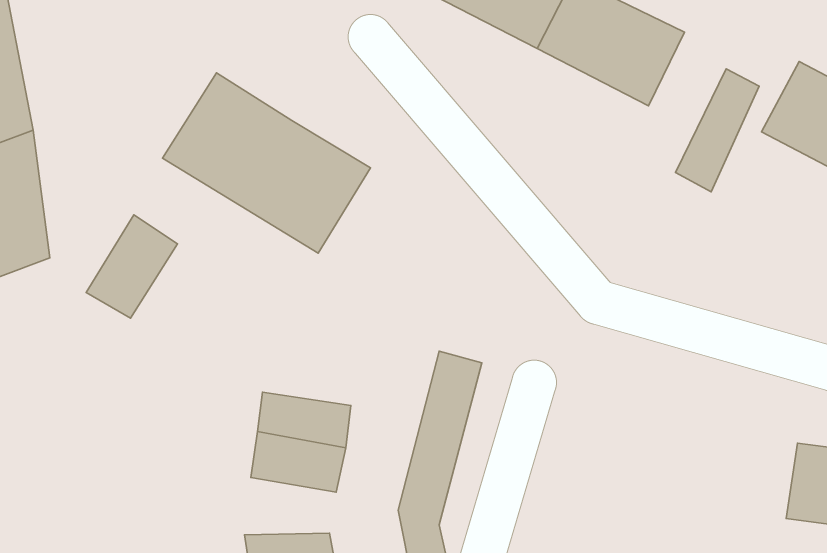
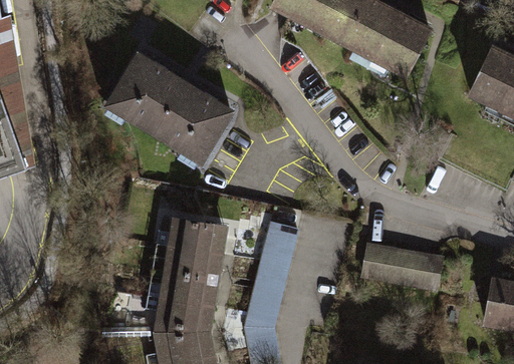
building: [675,69,759,192] -> none
building: [86,215,177,318] -> none
building: none -> [164,221,223,257]
building: none -> [362,244,443,291]
building: none -> [153,301,209,336]

